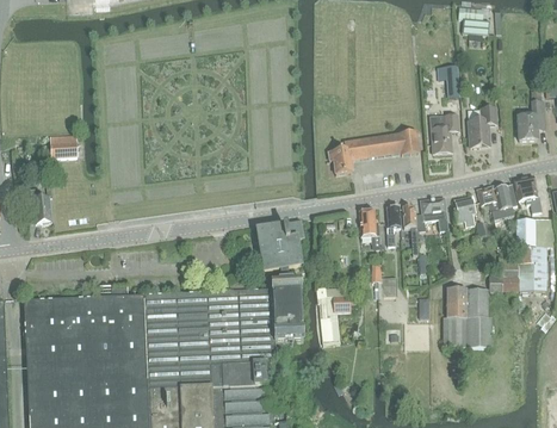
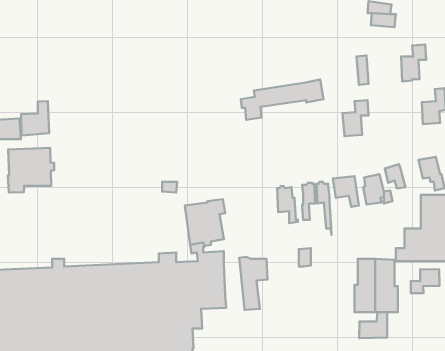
building: [468,106,495,147] -> [401,45,426,81]
building: none -> [21,101,49,136]
building: [328,129,419,173] -> [241,80,323,120]
building: none -> [8,148,54,193]
building: [490,182,515,218] -> none
building: none -> [411,269,439,293]
building: none -> [359,312,387,338]

